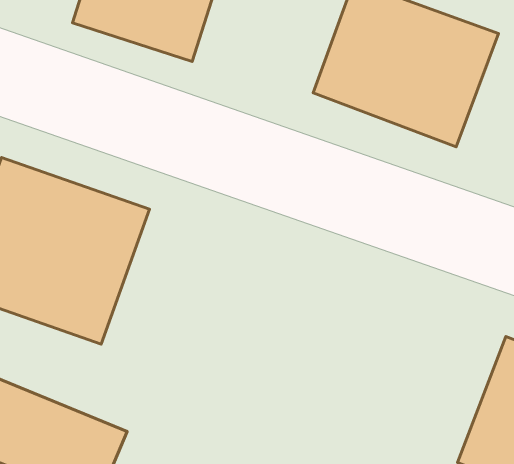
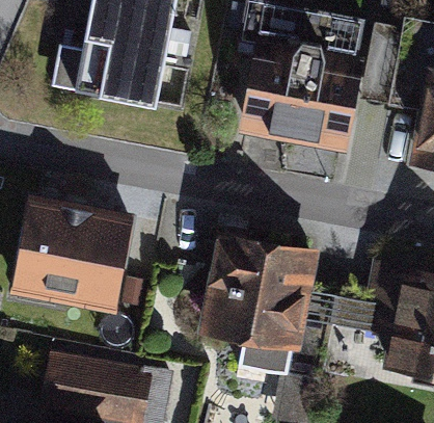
building: none -> [208,240,314,358]

